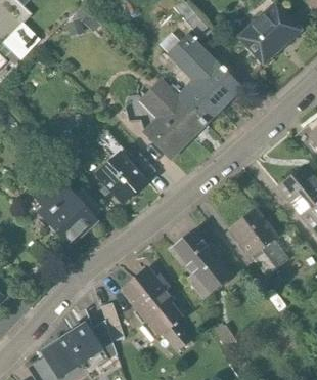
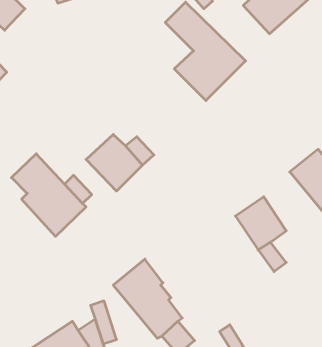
building: [139,79,203,158] -> none
building: [171,231,230,298] -> none

